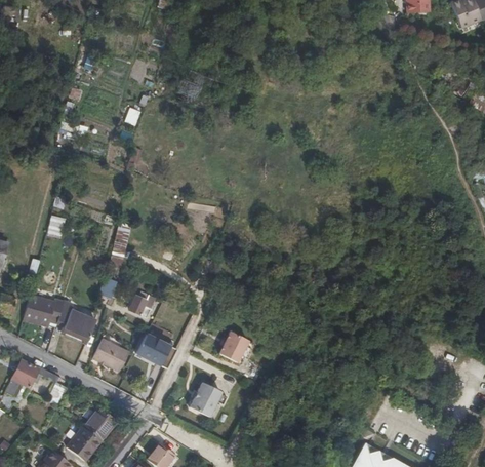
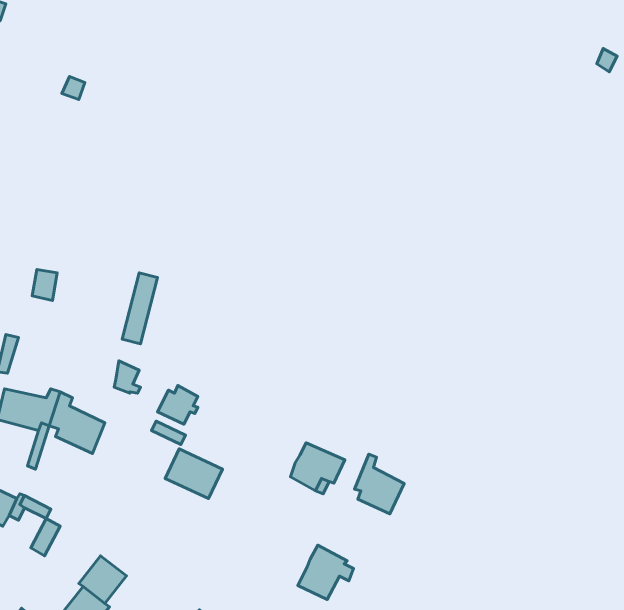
building: [87,337,128,372] -> none
building: none -> [354,454,404,514]
building: [190,380,227,416] -> [298,545,353,599]

